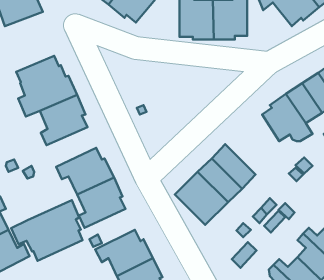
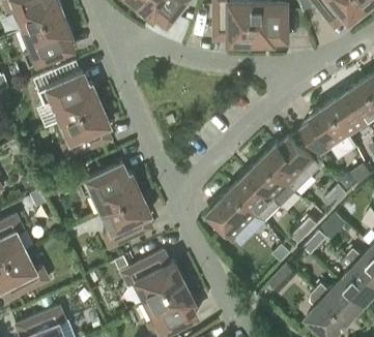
building: none -> [22,13,73,66]
building: none -> [262,135,320,190]
building: [11,200,82,261] -> none

